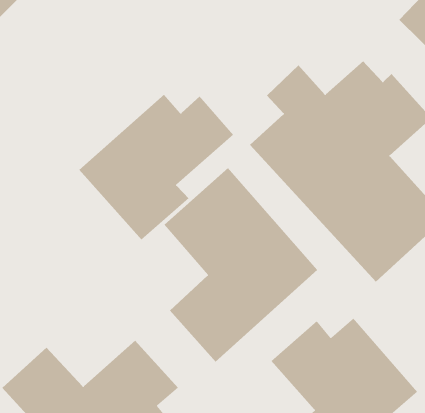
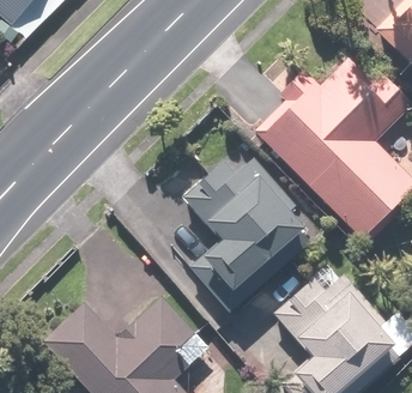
building: [79,94,234,240] -> none

